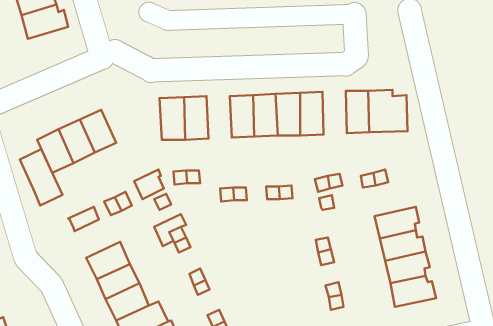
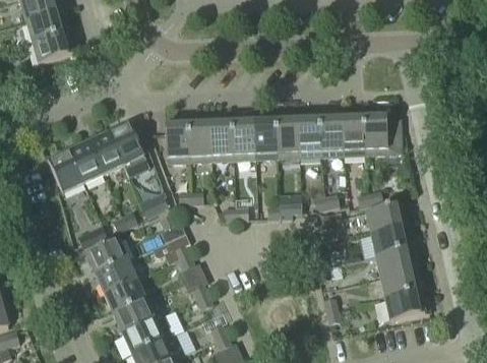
building: none -> [319,113,343,155]
building: none -> [208,118,233,159]
building: [20,149,62,205] -> [108,121,148,175]
building: none -> [364,202,409,233]
building: none -> [84,237,126,273]

